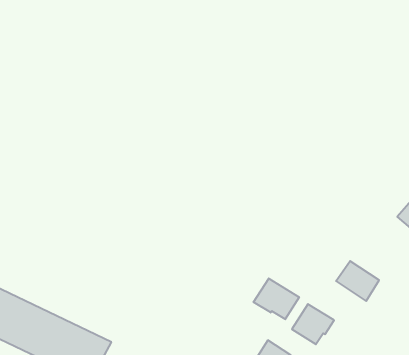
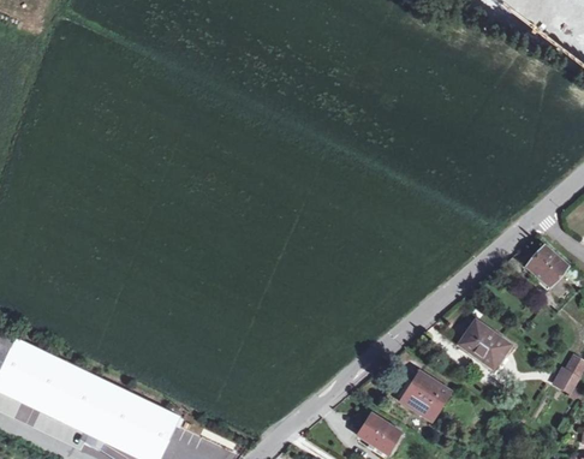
building: [254,278,299,319] -> none

